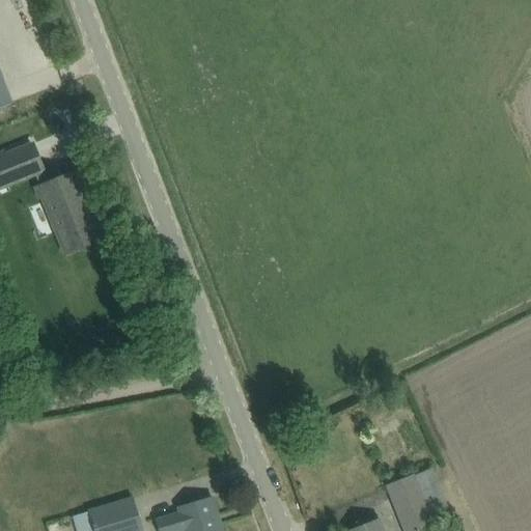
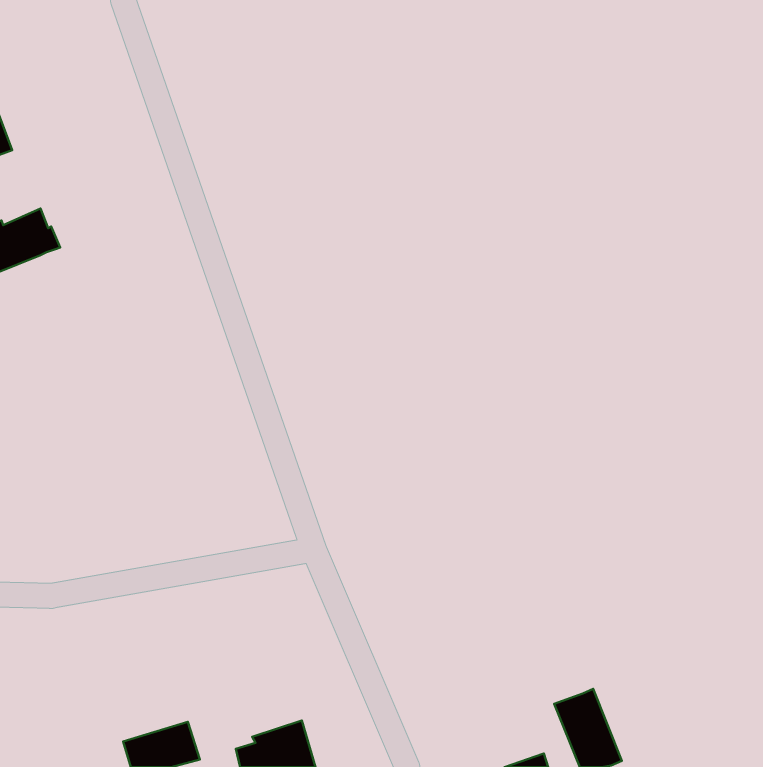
building: [32,172,99,248] -> none

